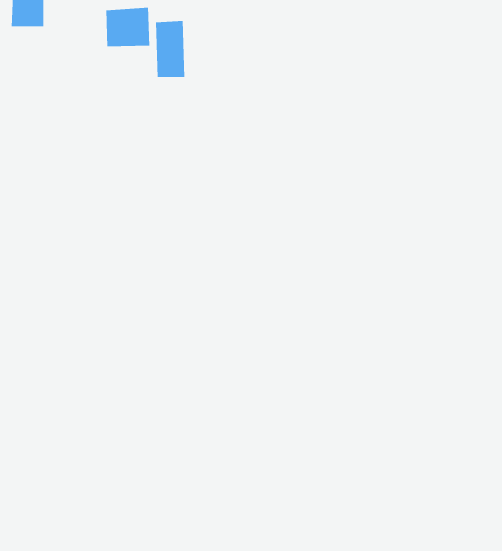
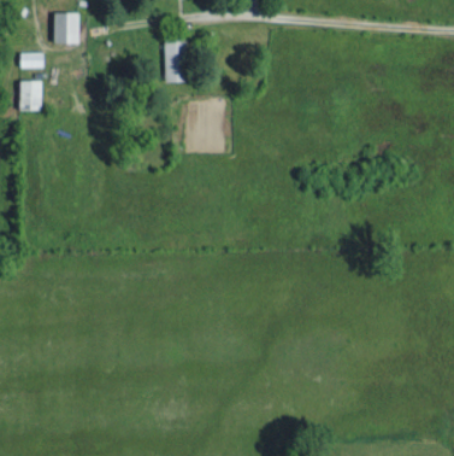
building: [106,7,150,47] -> none

